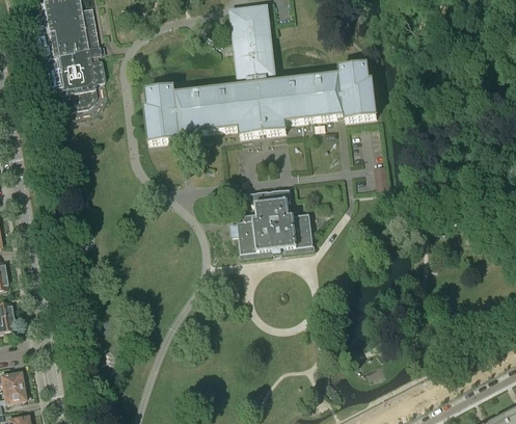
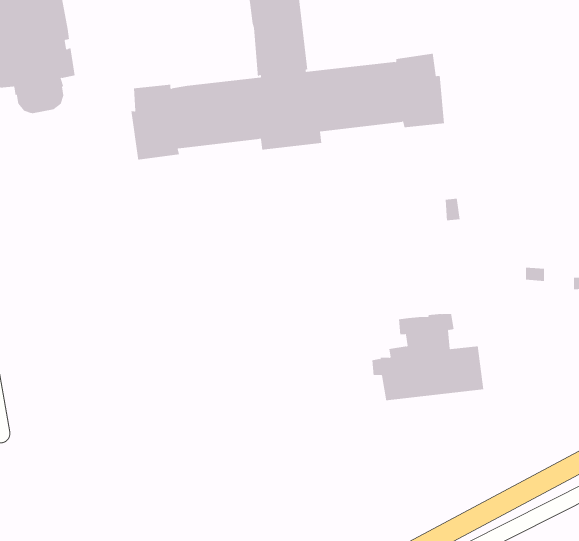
building: [230,187,314,251] -> [371,314,484,401]

